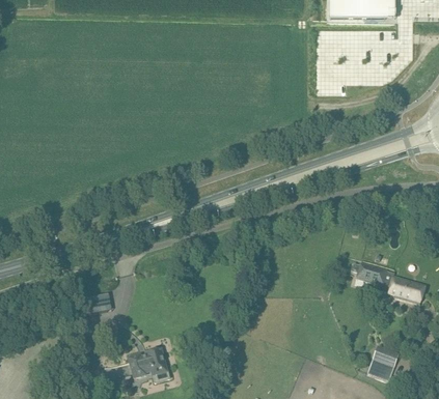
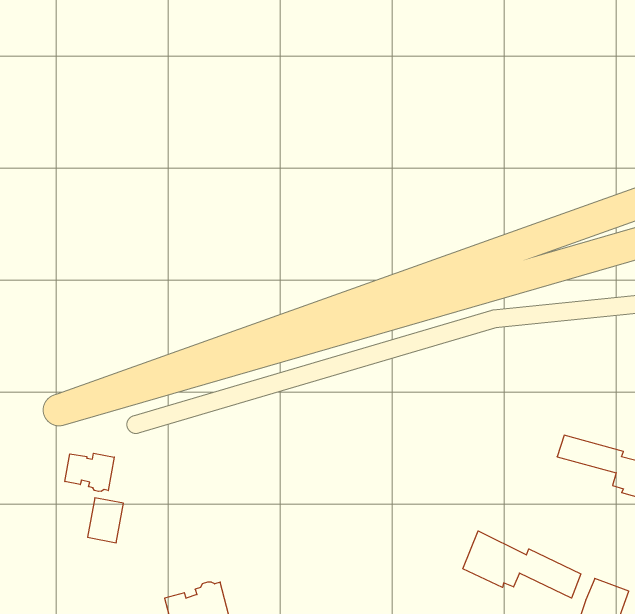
building: none -> [65,453,114,491]
building: none -> [463,531,581,598]

